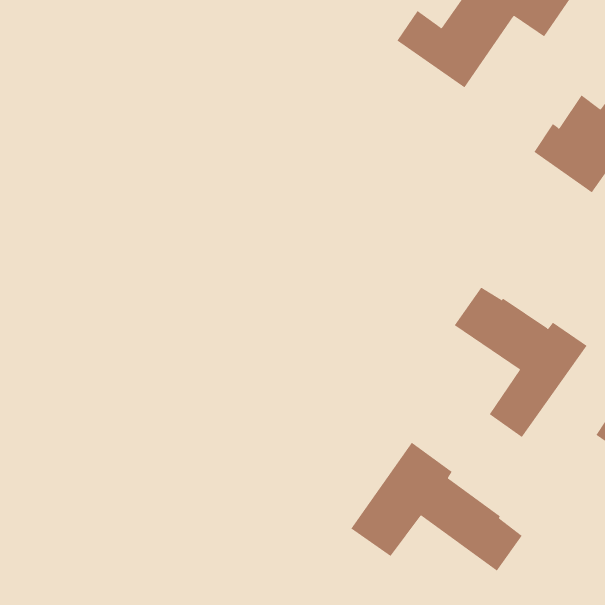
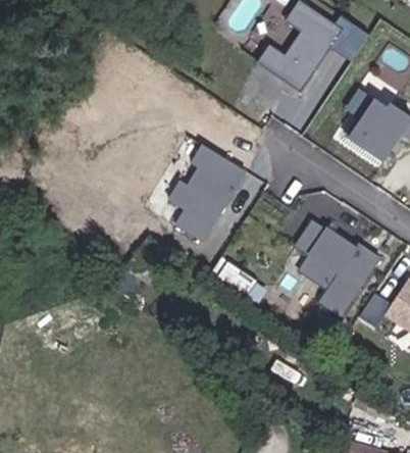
building: none -> [165,143,245,241]
building: [350,442,522,572] -> none

